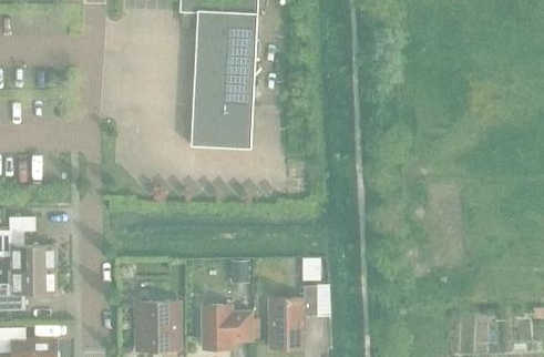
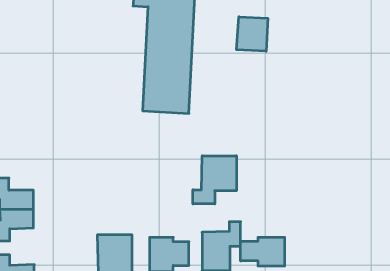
building: none -> [237,17,268,51]
building: none -> [193,156,236,204]
building: none -> [241,237,285,266]

